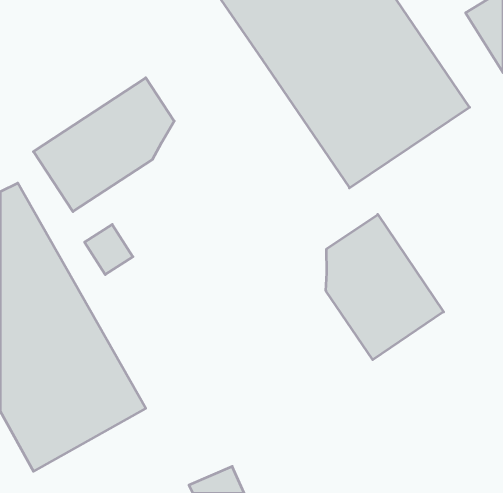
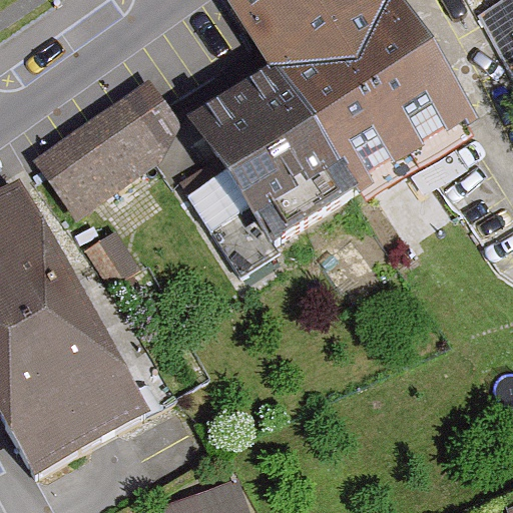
building: none -> [186,60,356,271]
building: [326,214,444,360] -> none

